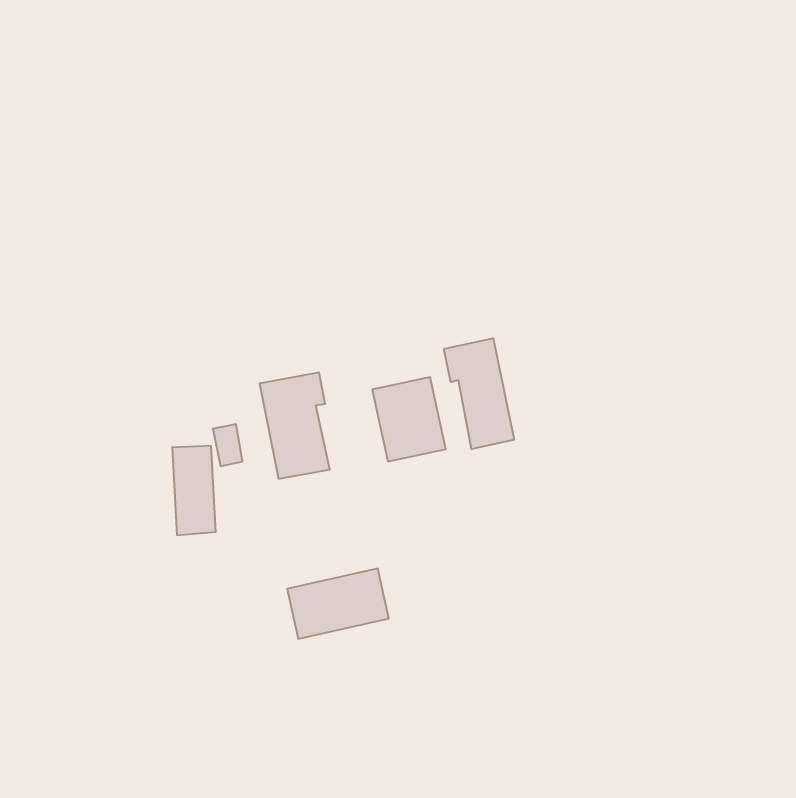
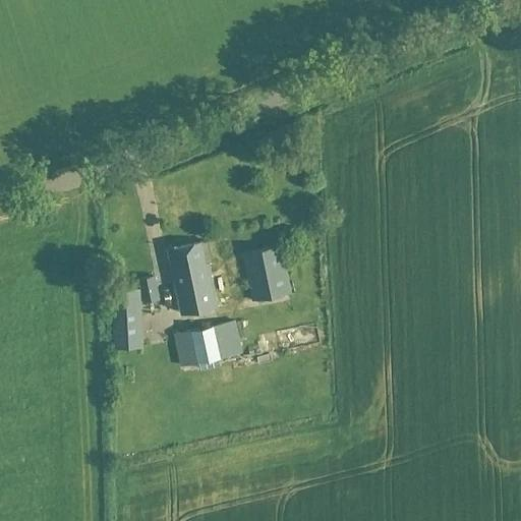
building: [444,338,514,449] -> none
building: [287,568,389,639] -> [176,322,242,367]

